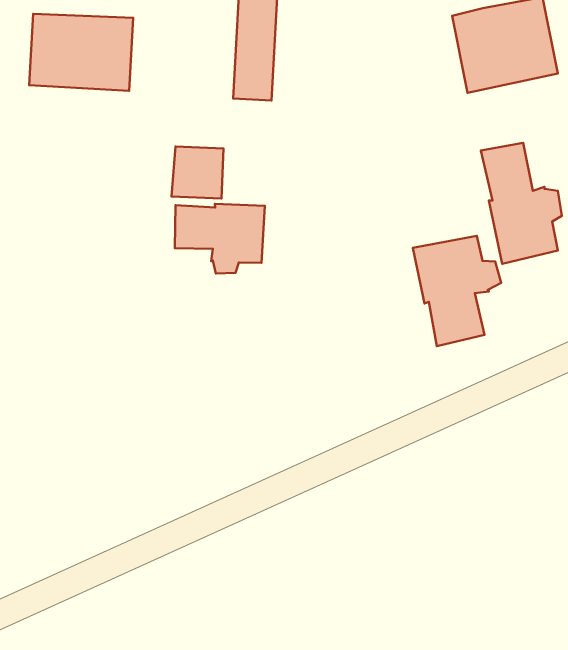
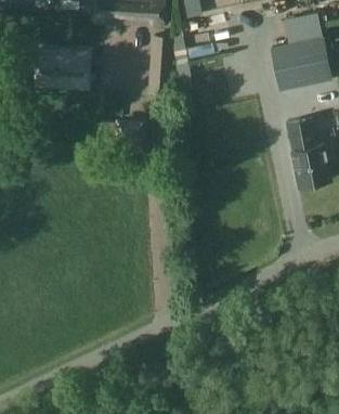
building: [175,204,265,274] -> none
building: [413,236,501,346] -> none

